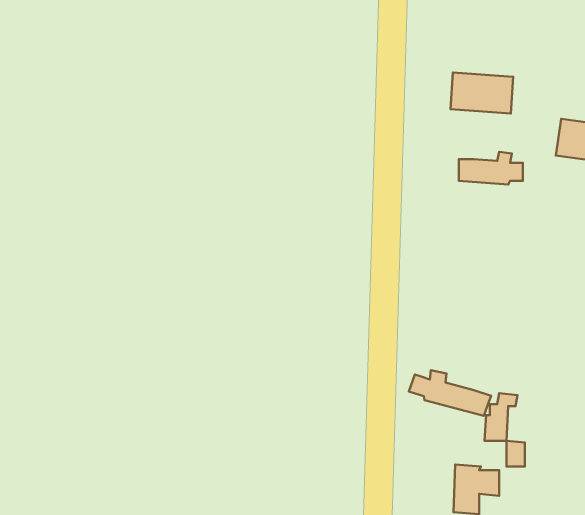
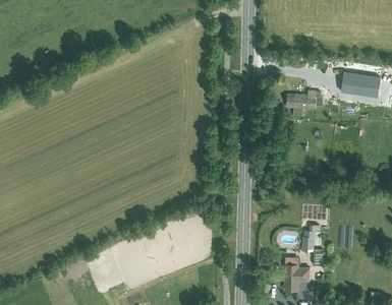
building: [451,73,513,114] -> none
building: [409,370,491,416] -> none

